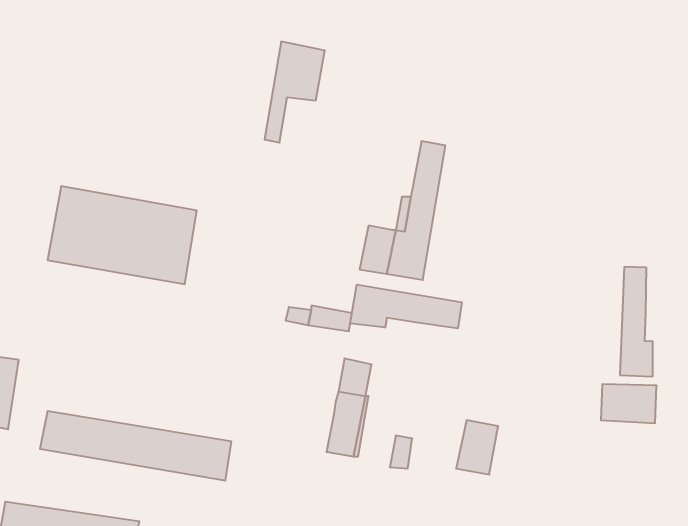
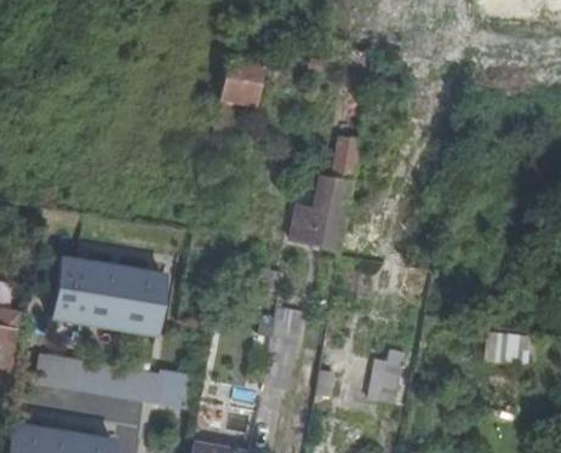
building: [48,186,197,284] -> [46,258,166,337]
building: [620,267,652,377] -> none
building: [350,285,462,328] -> none

